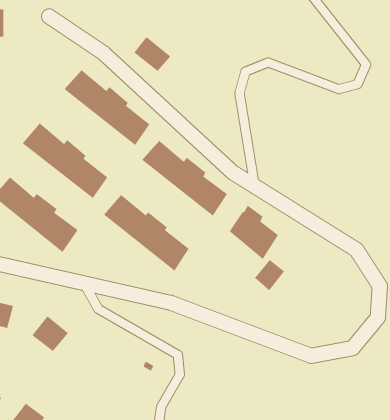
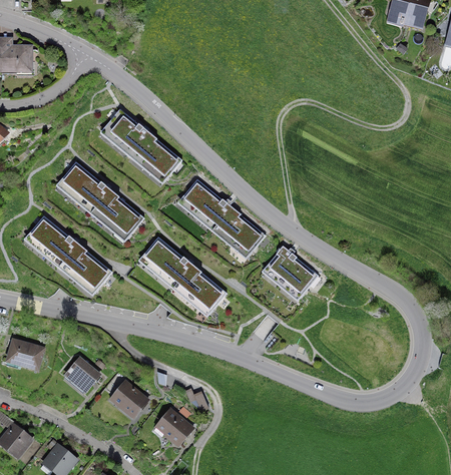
building: [133,36,171,72] -> none
building: [254,259,285,291] -> none
building: none -> [110,383,148,421]
building: none -> [155,413,193,449]

